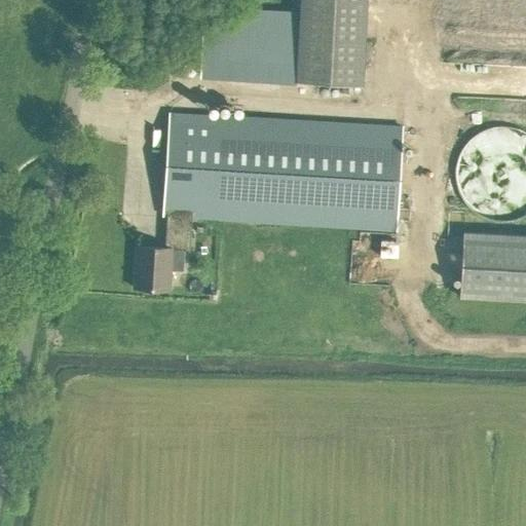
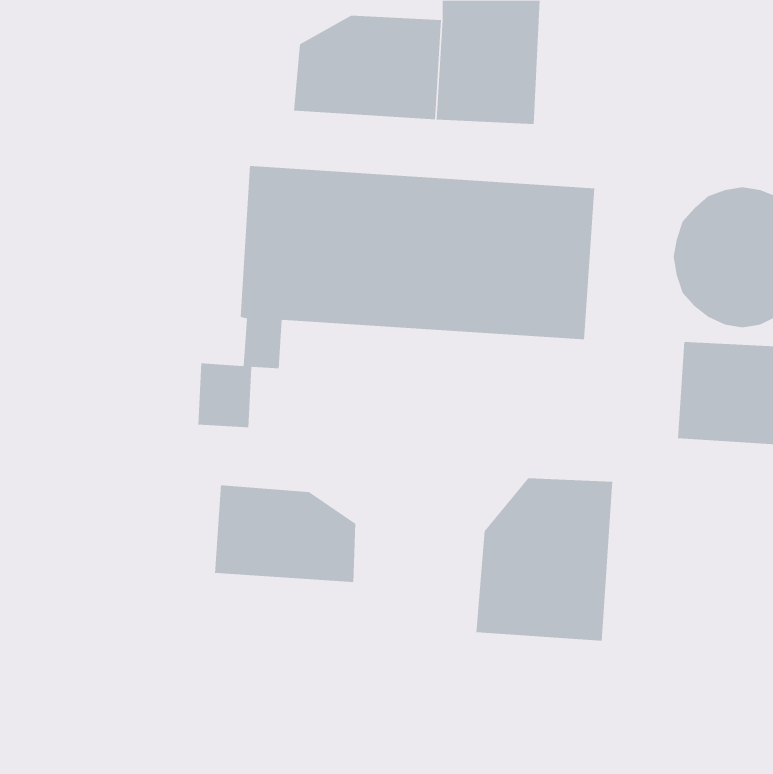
building: none -> [476,478,613,642]
building: none -> [214,485,356,583]

